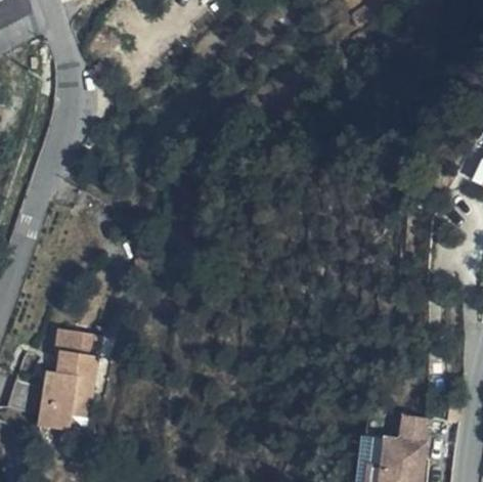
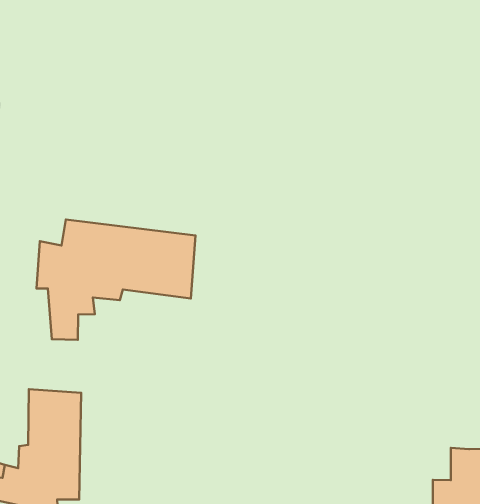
building: none -> [36,219,195,340]

